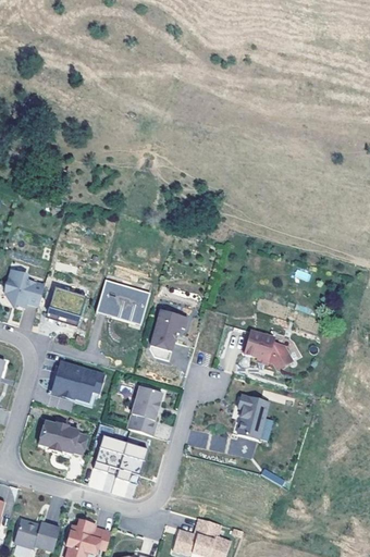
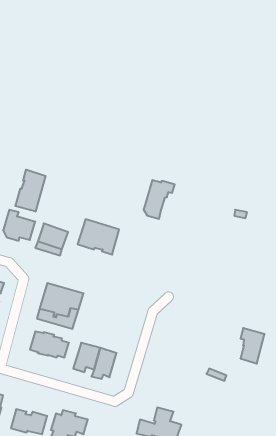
building: none -> [15,170,46,212]
building: [149,311,188,360] -> [144,180,175,219]
building: [244,330,292,369] -> none
building: [127,385,162,435] -> none
building: [232,395,262,440] -> [240,328,265,364]

